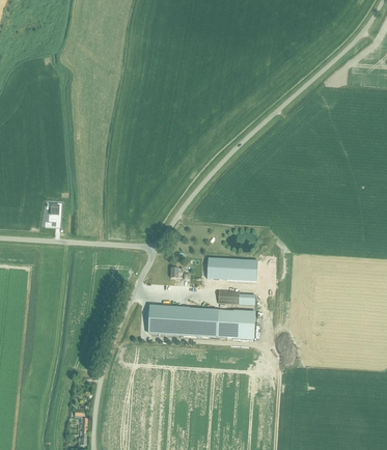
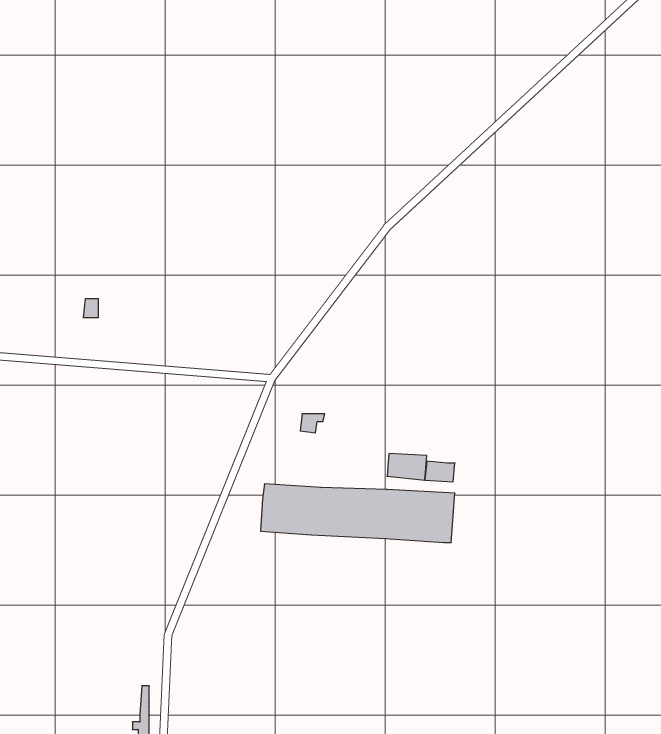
building: [206,257,257,281] -> none

